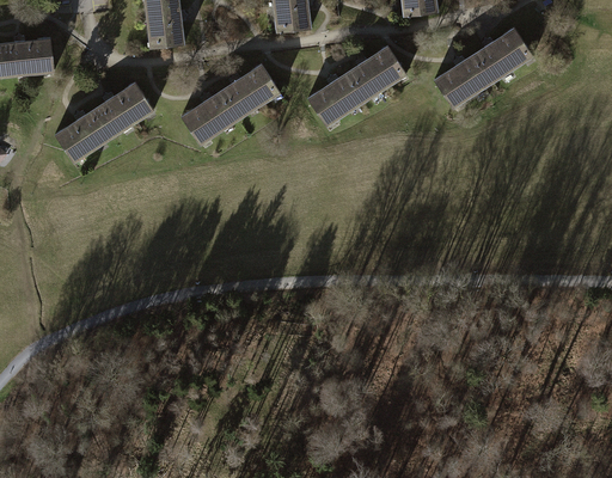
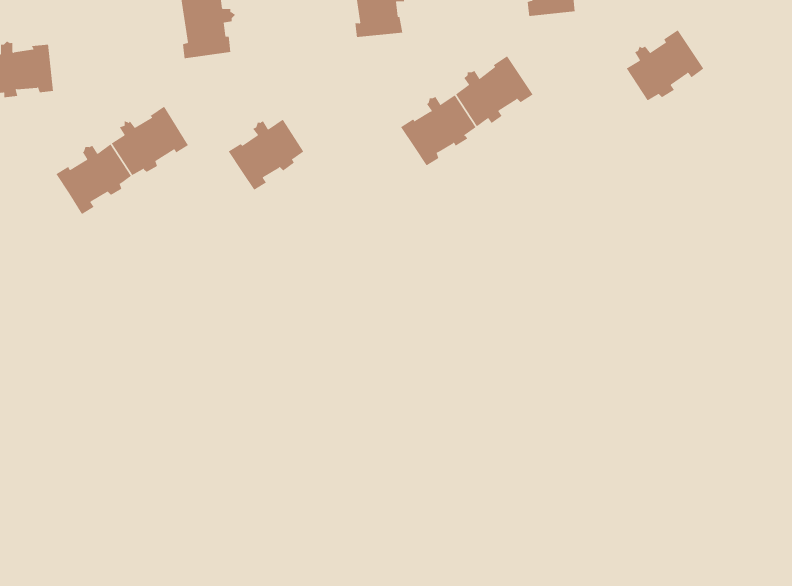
building: [434,55,490,108] -> none
building: [222,63,280,116] -> none

